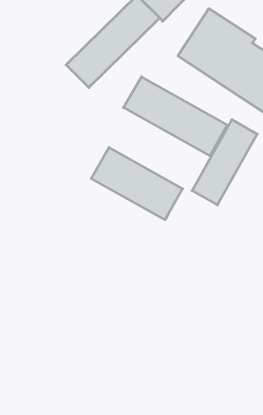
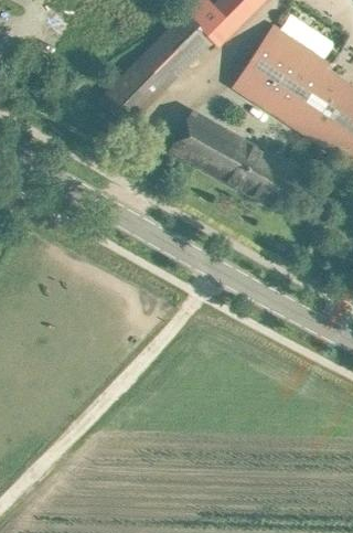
building: [192,120,257,205] -> none
building: [91,147,183,220] -> none

